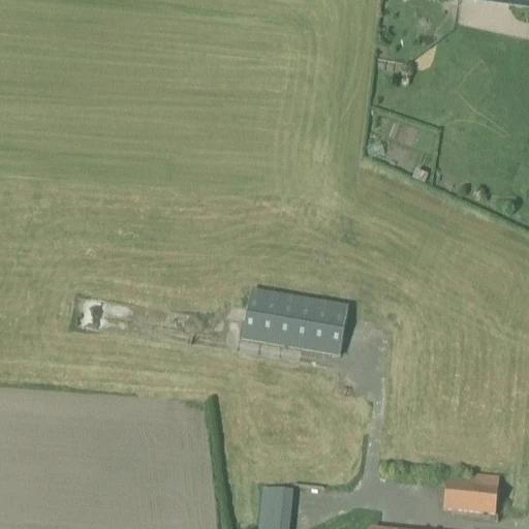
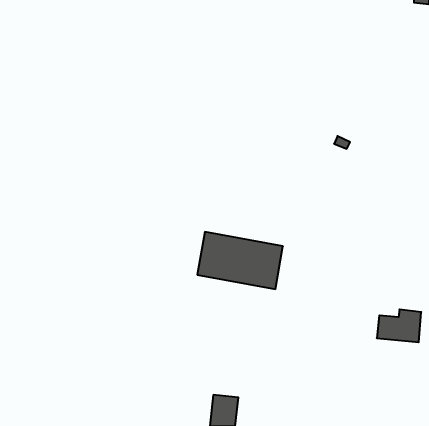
building: [444,473,499,514] -> [377,309,421,342]

